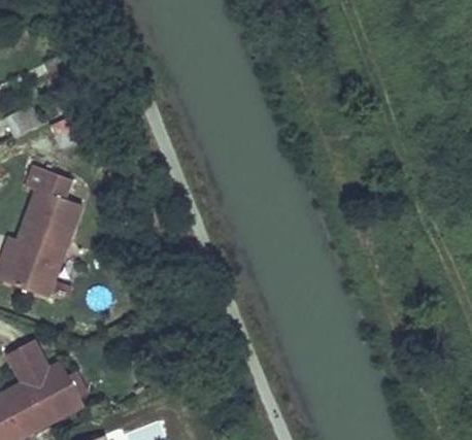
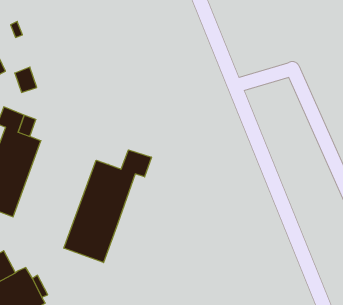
building: none -> [64,150,151,263]

